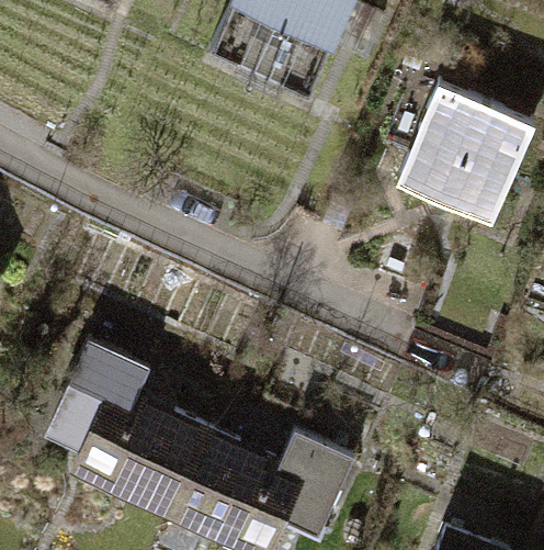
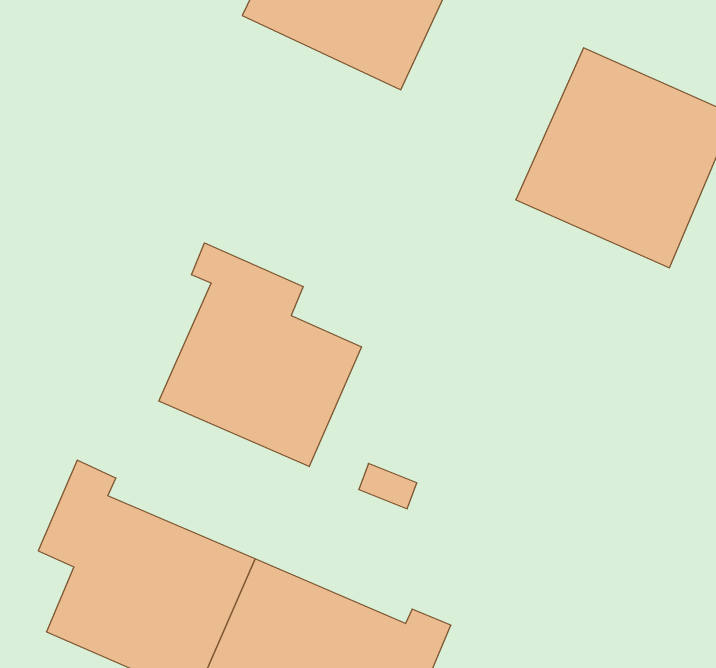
building: none -> [159,243,361,467]

